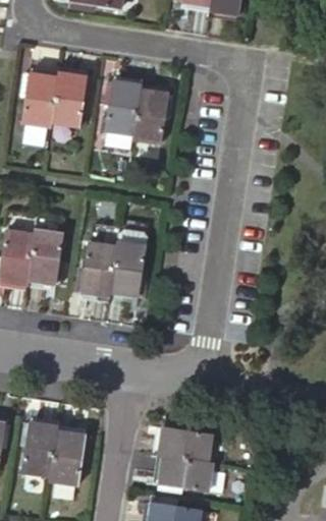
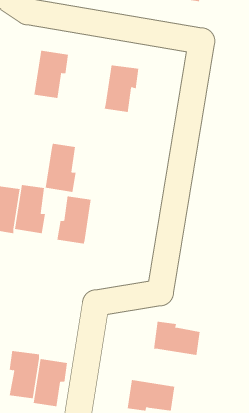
building: [21,73,57,130] -> none
building: [104,80,141,136] -> none
building: [110,241,147,298] -> [45,143,77,192]
building: [158,422,213,462] -> [153,321,201,355]

